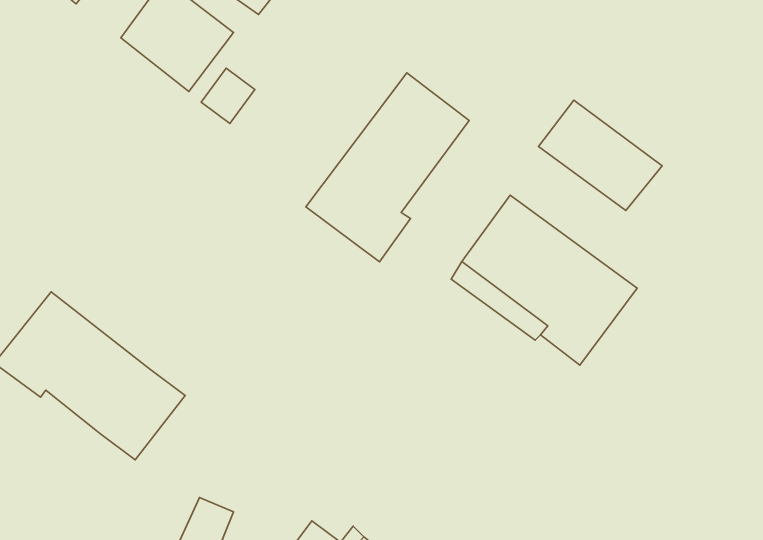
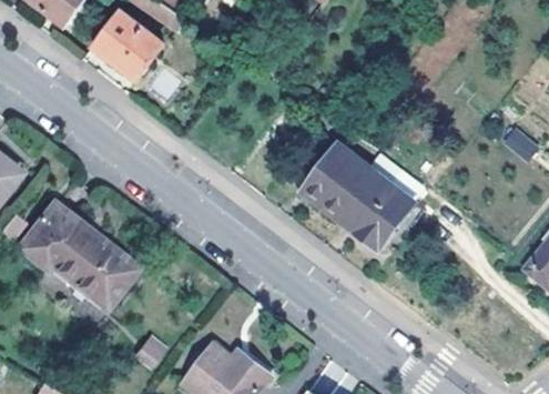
building: [306,73,469,262] -> none
building: [539,100,662,210] -> none

